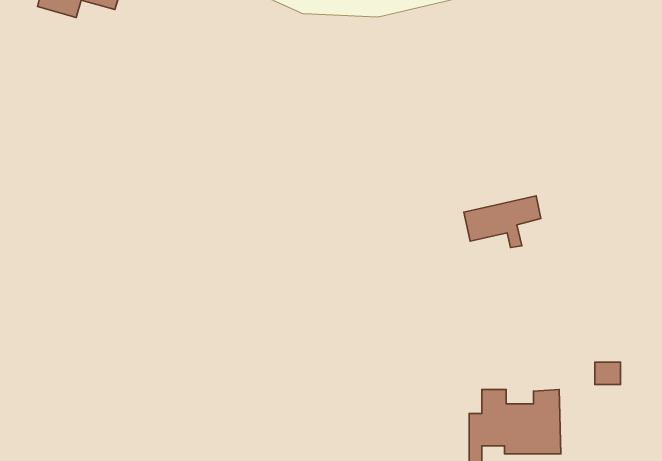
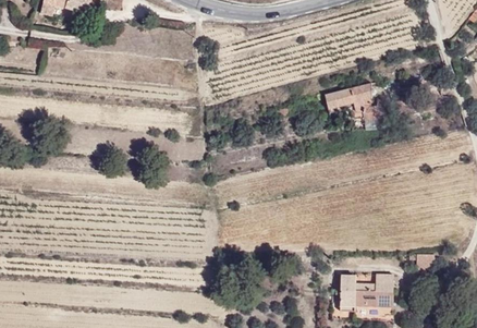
building: [464,196,541,247] -> [323,82,376,117]

